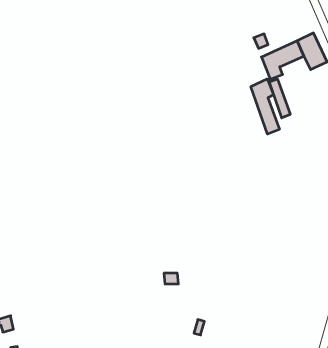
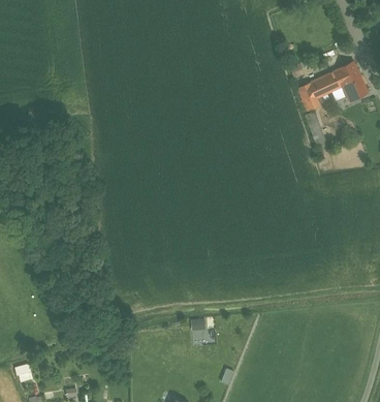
building: [251,79,279,134] -> none

